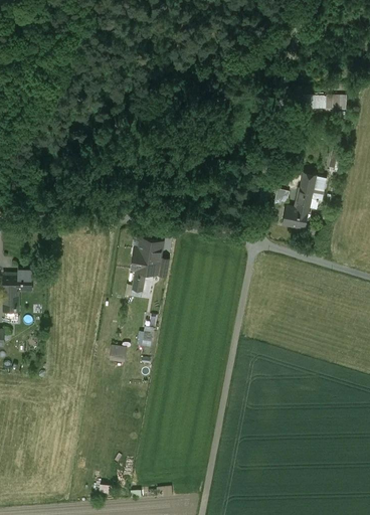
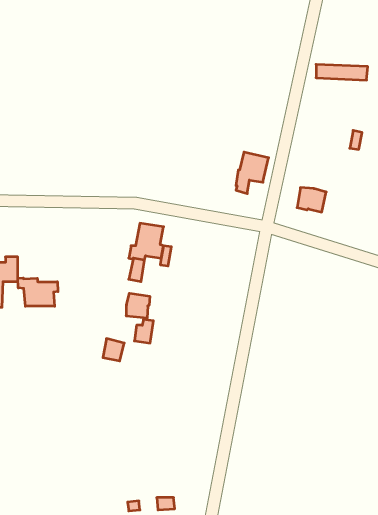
building: [296,173,325,210] -> [236,152,269,194]
building: none -> [18,278,58,306]
building: none -> [126,293,150,318]

